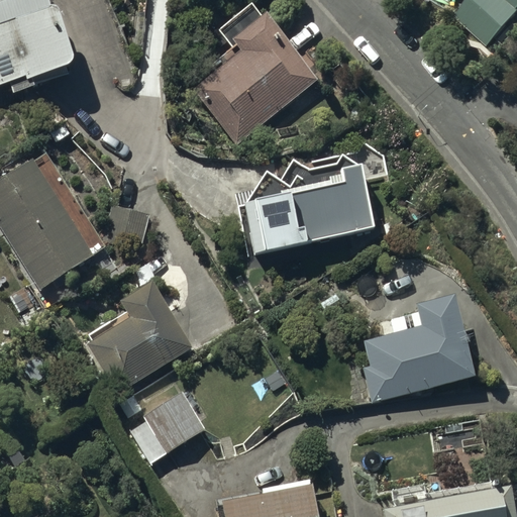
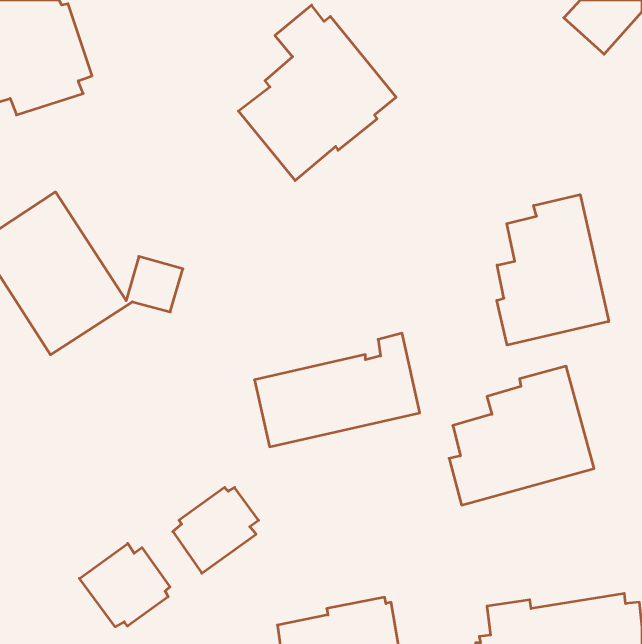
building: none -> [497,195,609,345]
building: [241,162,374,252] -> [254,333,420,447]
building: [85,281,193,395] -> none
building: none -> [79,543,170,627]

